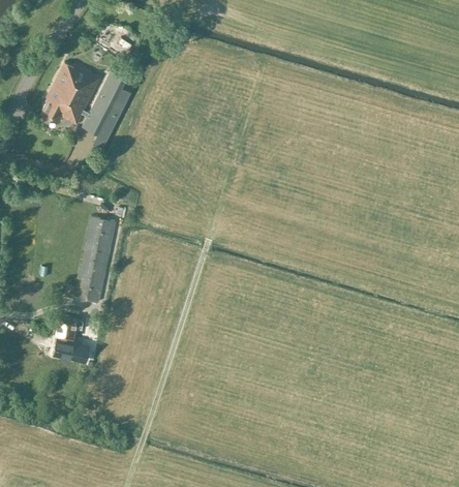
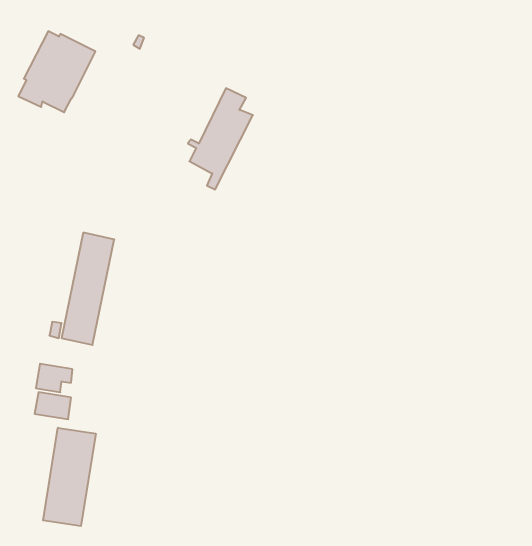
building: [82,72,131,150] -> [188,88,253,190]
building: none -> [43,428,96,526]

